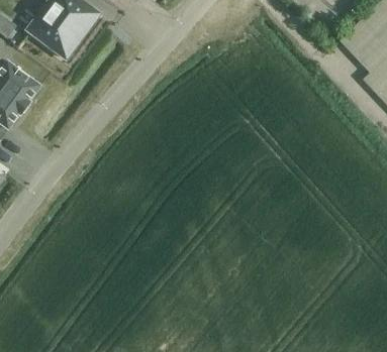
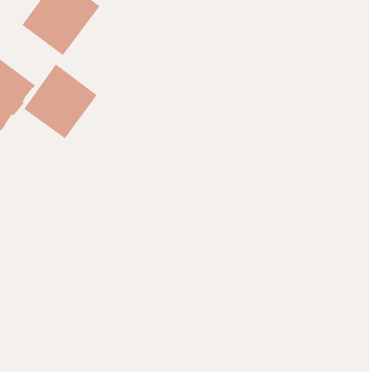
building: none -> [23,64,97,139]

